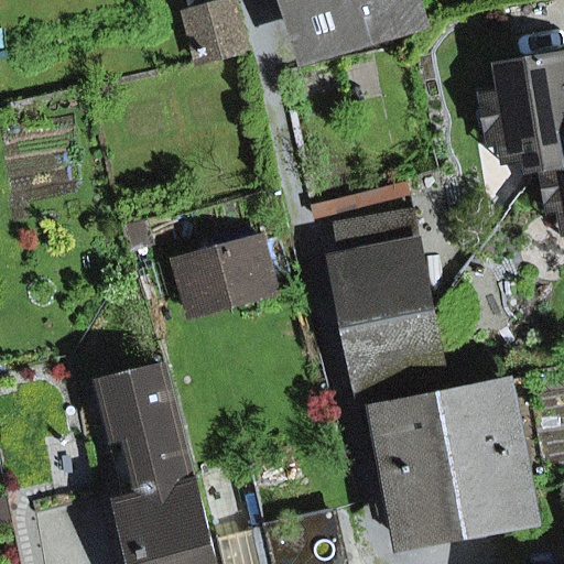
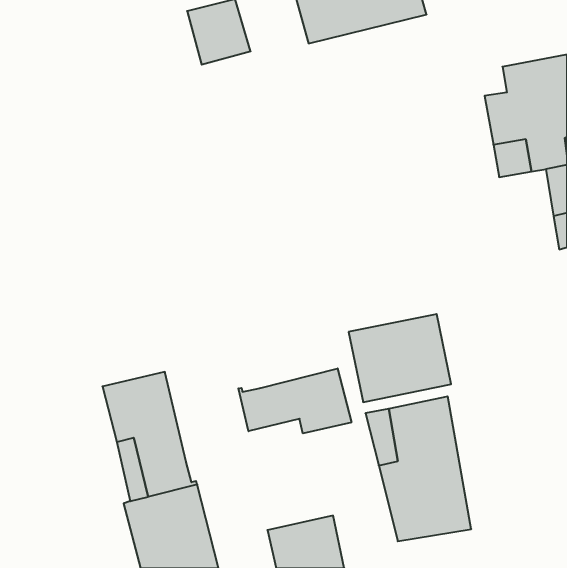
building: [326,210,432,328] -> none
building: [178,242,270,307] -> none
building: none -> [238,368,351,433]
building: [443,381,524,523] -> none

